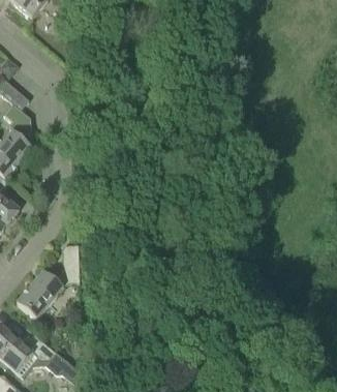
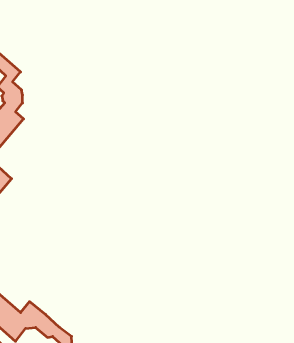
building: [16,245,79,319] -> none

